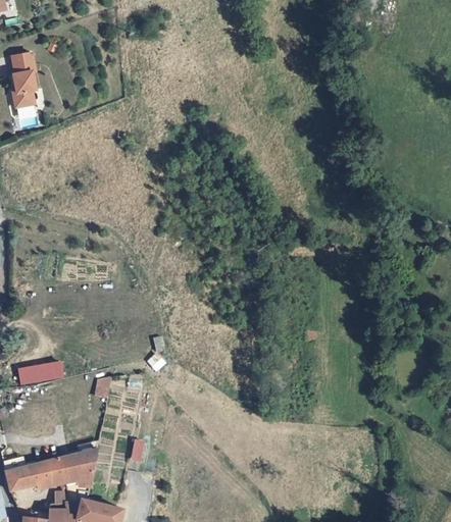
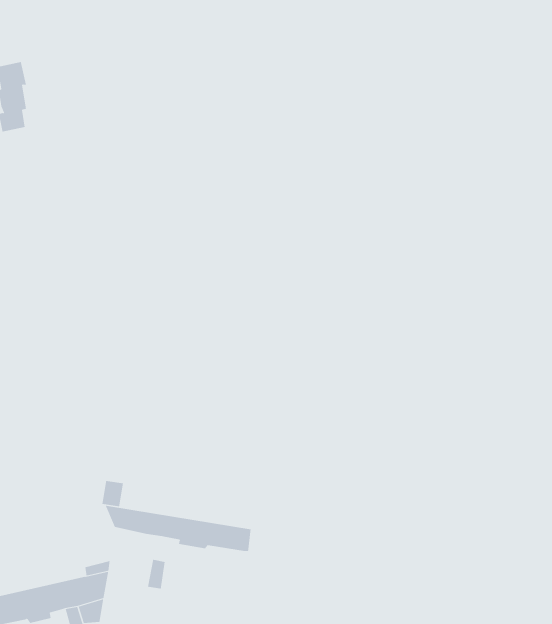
building: [19,360,63,383] -> none
building: none -> [105,505,251,552]

